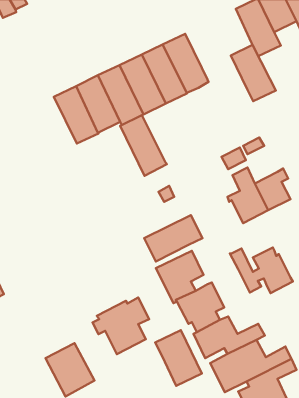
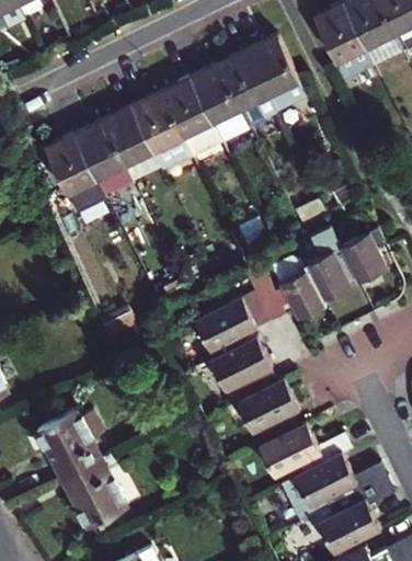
building: [231,45,276,101] -> [247,36,306,111]
building: [120,115,167,176] -> [45,134,106,214]
building: [230,248,293,293] -> [243,261,327,321]
building: [93,298,149,354] -> [31,403,105,478]
building: [155,330,202,386] -> none

